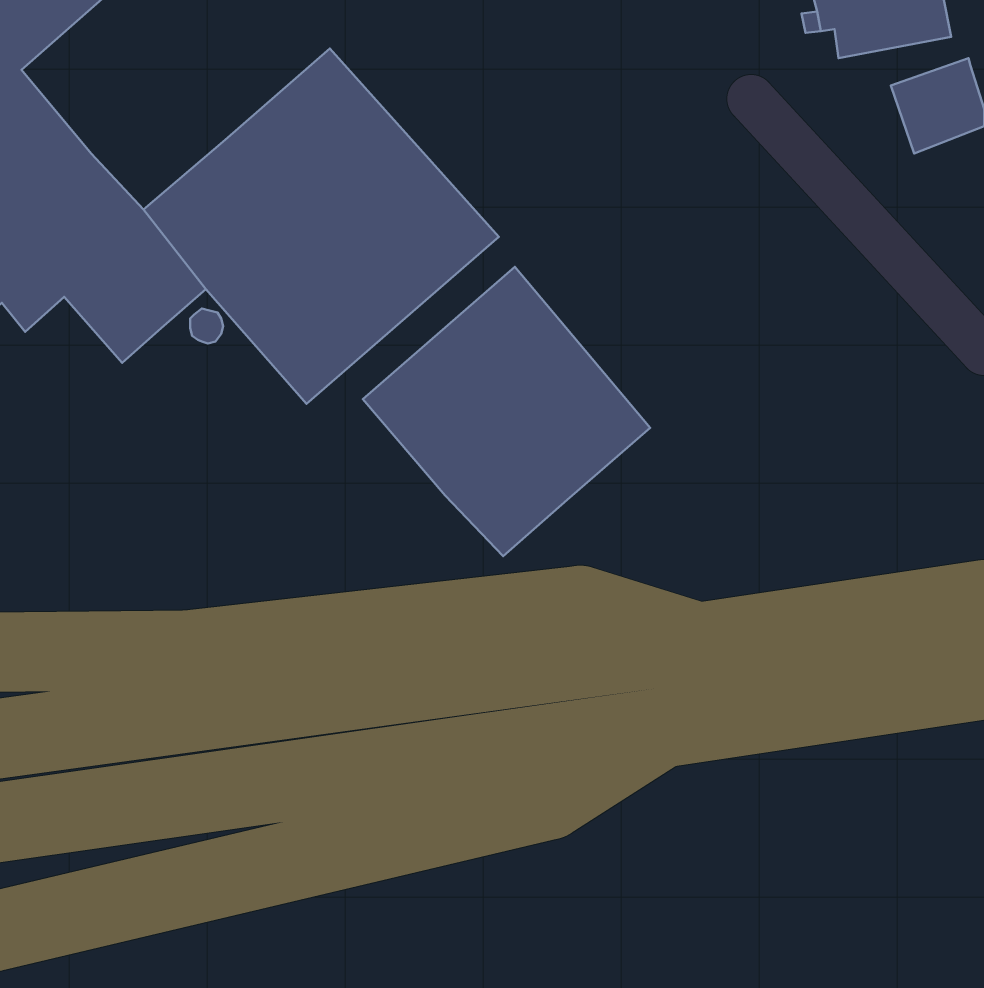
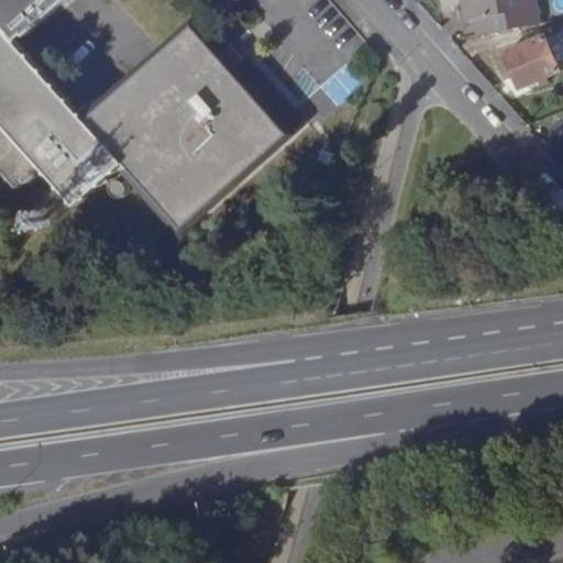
building: [363,267,650,556] -> none

